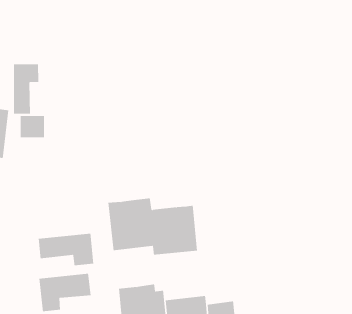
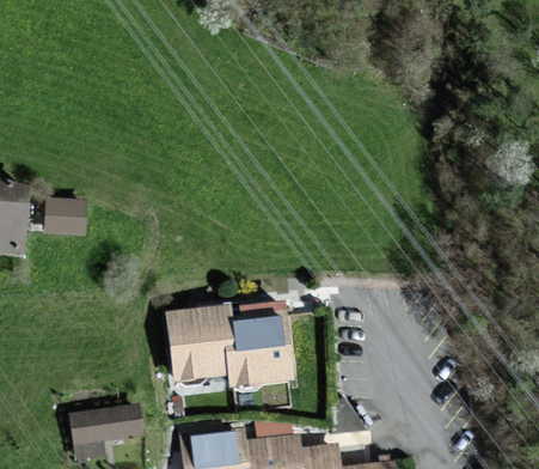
building: [13,63,39,115] -> none
building: [38,233,94,266] -> none

